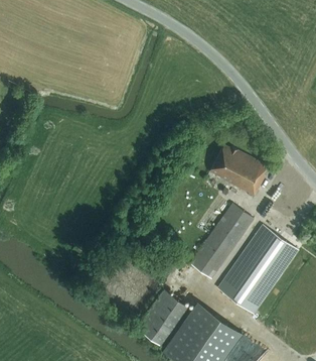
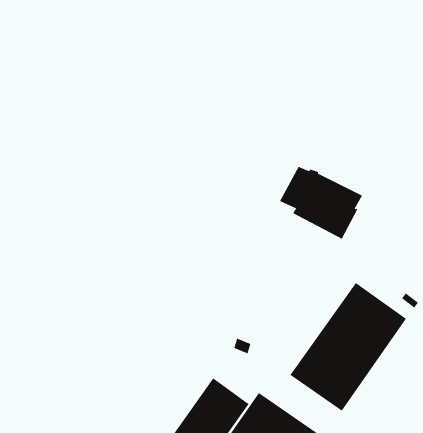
building: [189,203,254,278] -> none

